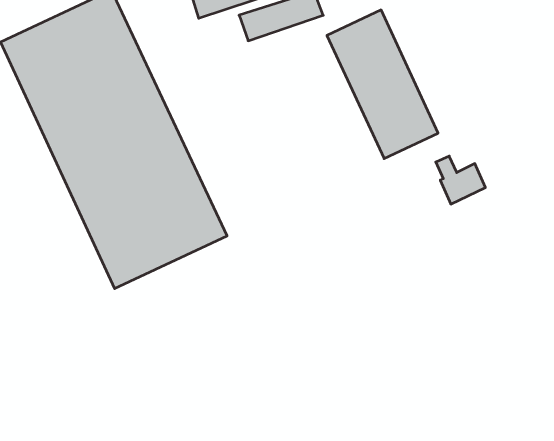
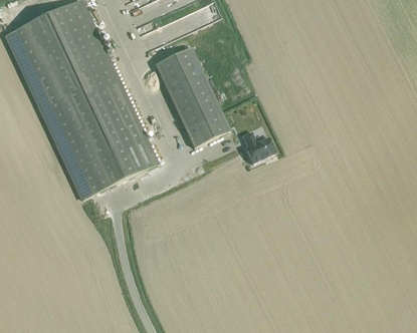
building: [327,10,438,159] -> [155,47,229,146]
building: [436,156,485,204] -> [241,130,274,162]

